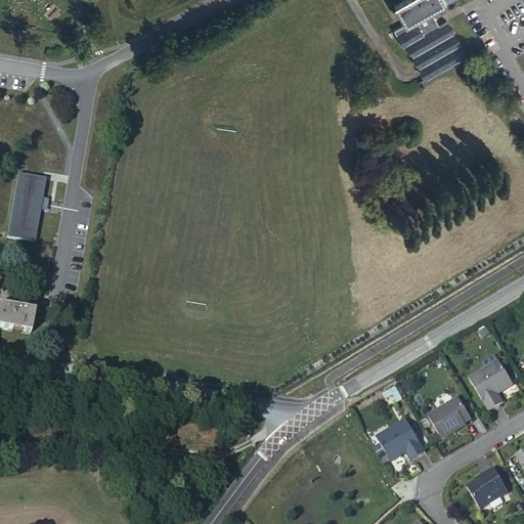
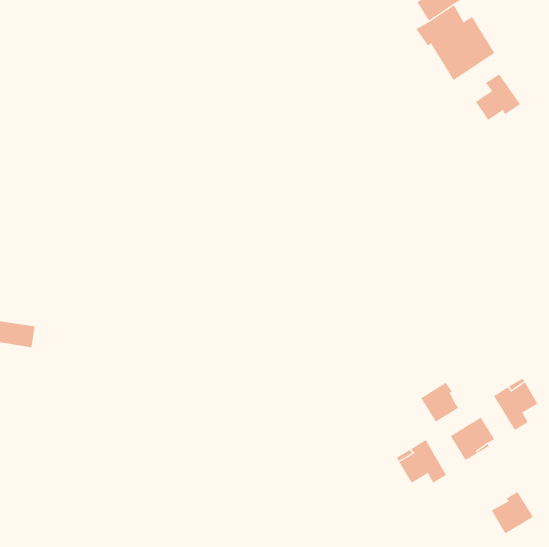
building: none -> [475,73,521,121]
building: [6,173,43,238] -> none
building: none -> [420,382,459,423]

